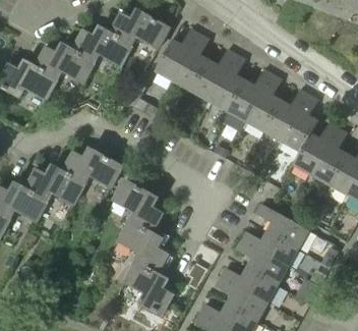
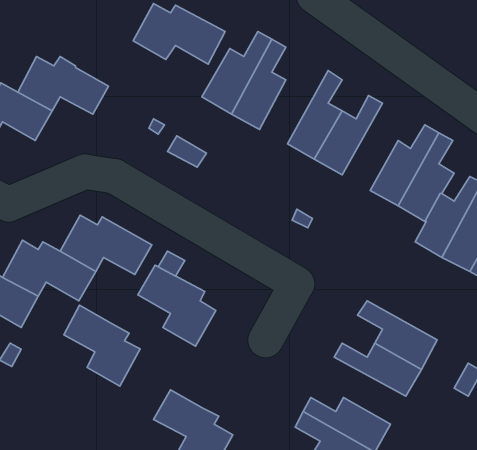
building: [72,26,131,65] -> none
building: [192,48,237,101] -> none
building: [246,74,283,131] -> none
building: [119,221,169,274] -> [64,305,140,386]
building: [237,240,288,284] -> none

